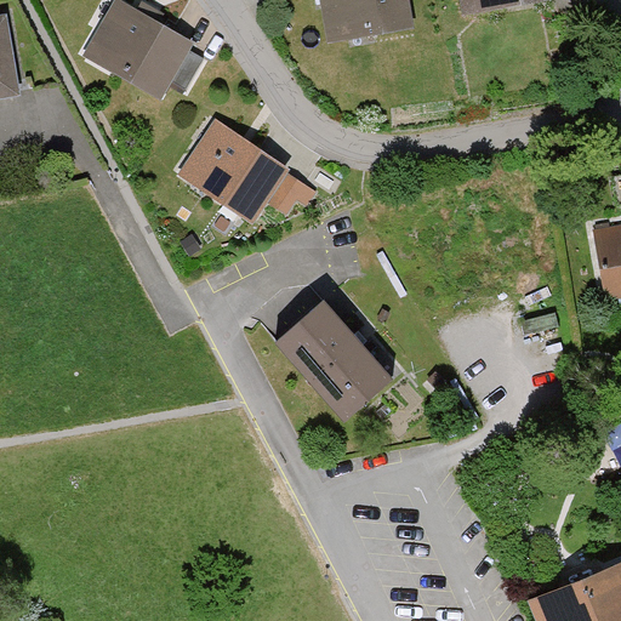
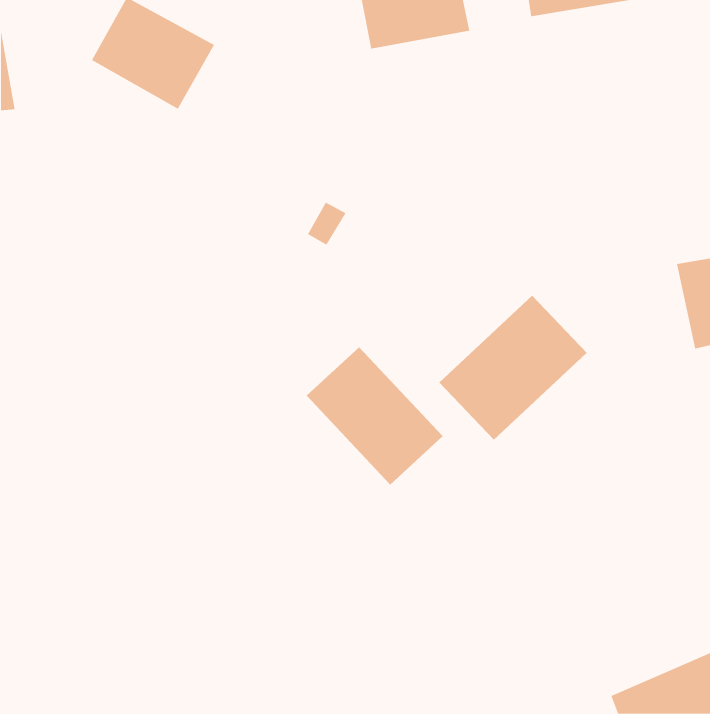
building: [181,119,287,218] -> none
building: none -> [439,295,587,441]

